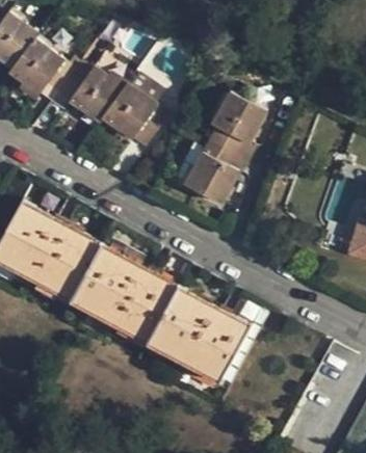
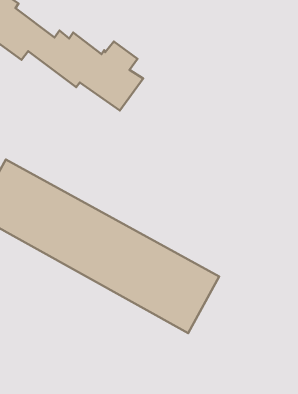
building: [183,90,267,205] -> none

